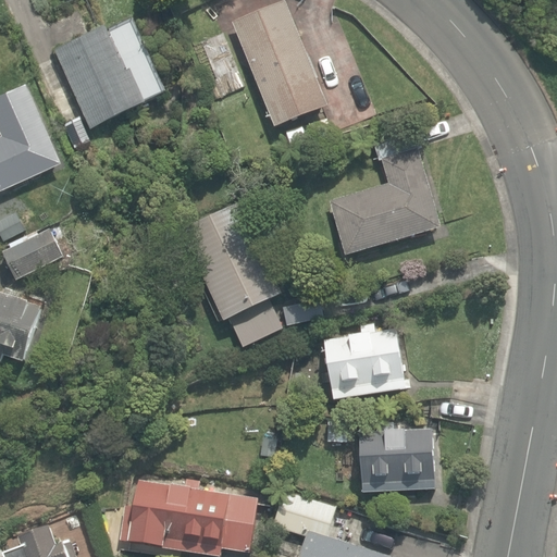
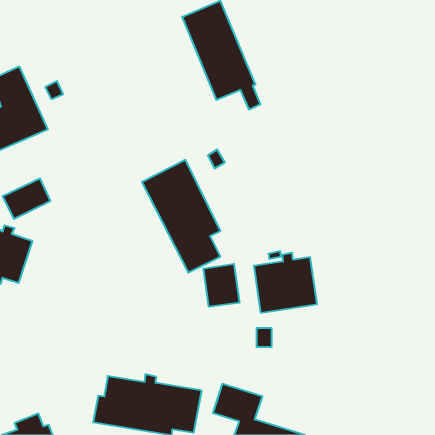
building: [54,23,165,128] -> none
building: [329,121,438,253] -> none
building: none -> [204,264,240,307]
building: [358,421,433,491] -> none

